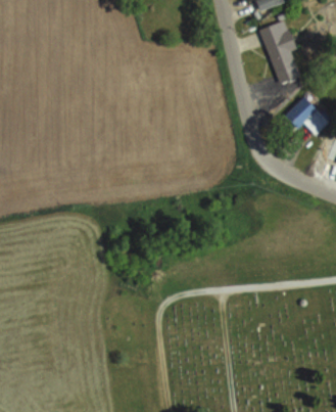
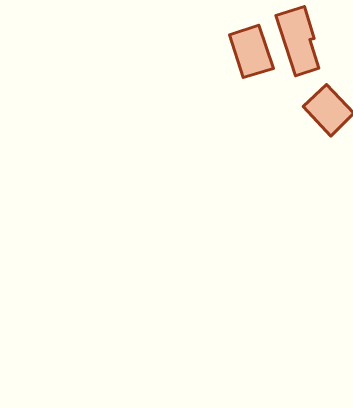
building: none -> [230,25,274,77]

